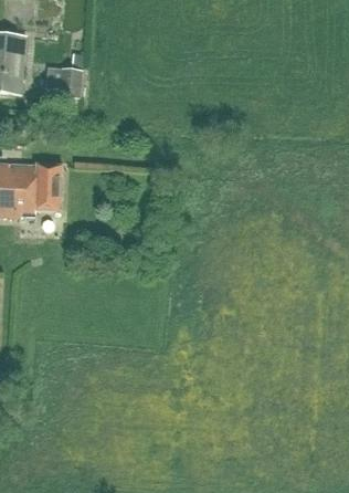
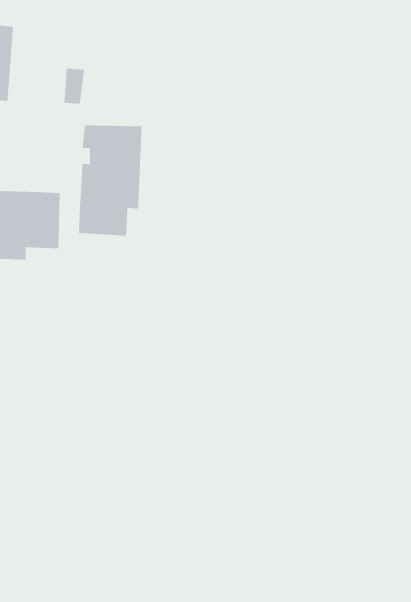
building: none -> [78,124,143,237]

